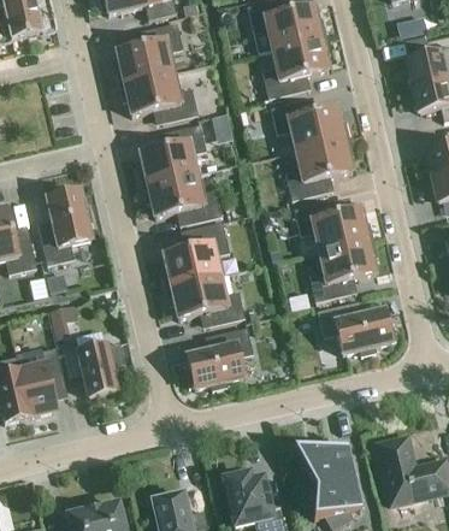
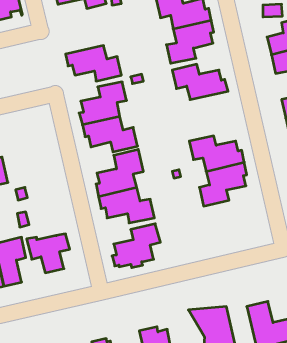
building: [116,20,183,83] -> none
building: [286,136,354,199] -> none
building: [40,184,93,264] -> none
building: [318,301,396,354] -> none

